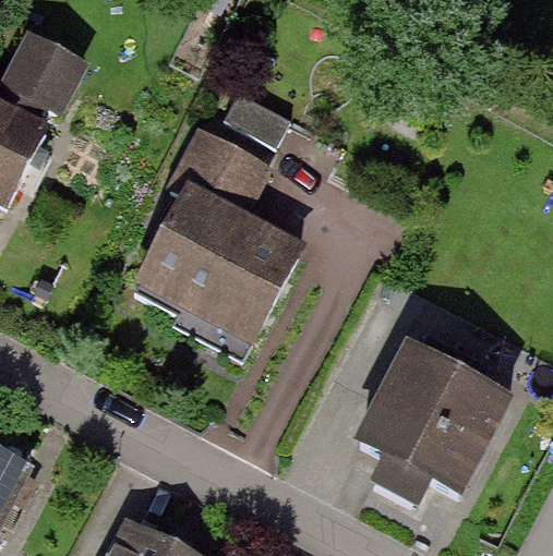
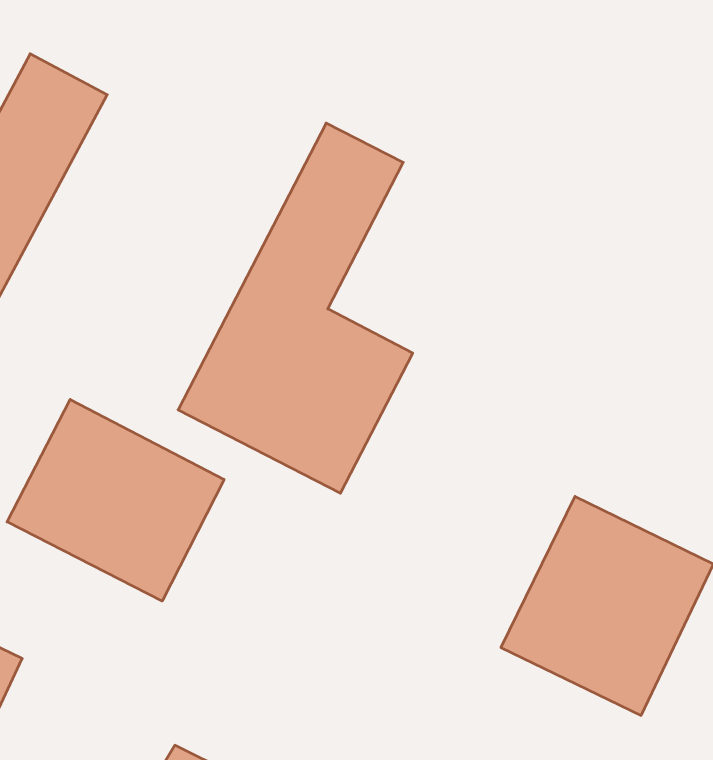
building: none -> [7,399,224,601]

